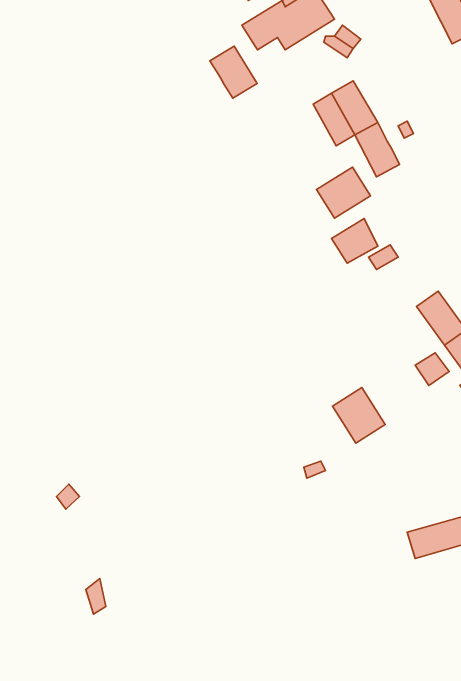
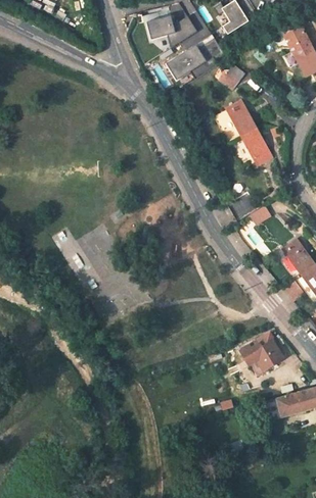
building: [210,46,257,98] -> none
building: [316,167,370,218] -> none
building: [333,387,385,443] -> [247,333,282,369]

